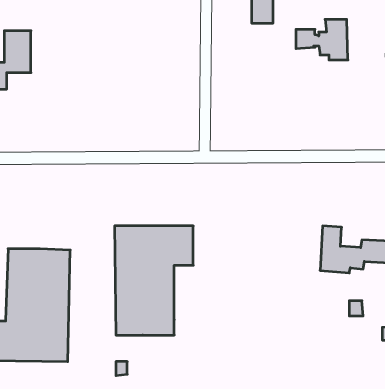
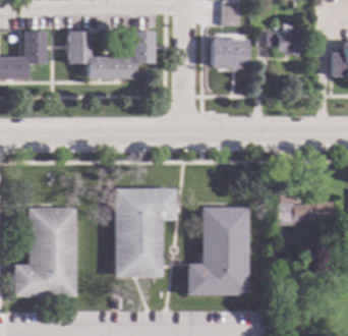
building: none -> [68,30,154,77]
building: none -> [212,40,248,67]
building: none -> [186,207,248,295]

